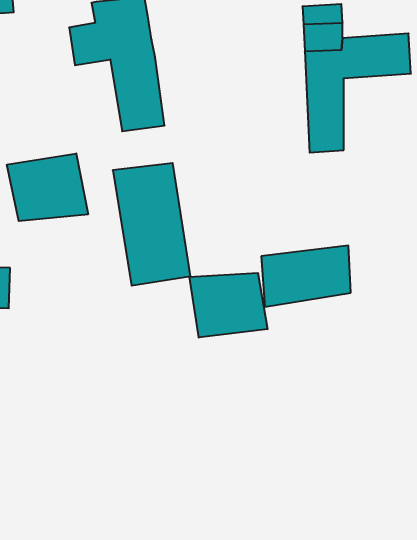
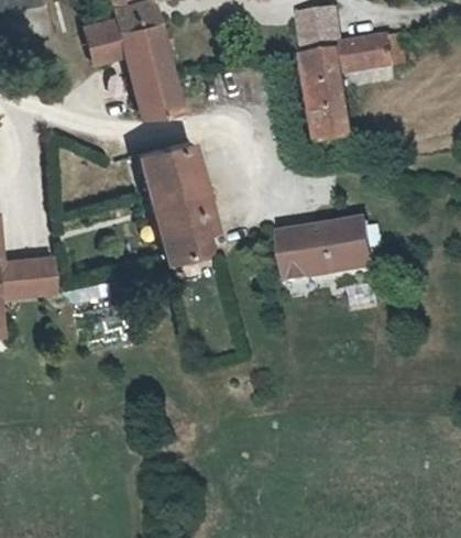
building: [7,153,88,221] -> none
building: [189,273,267,338] -> none

